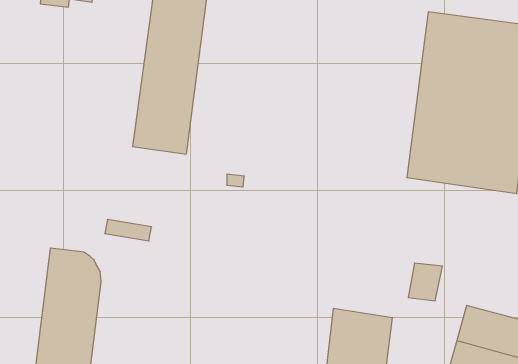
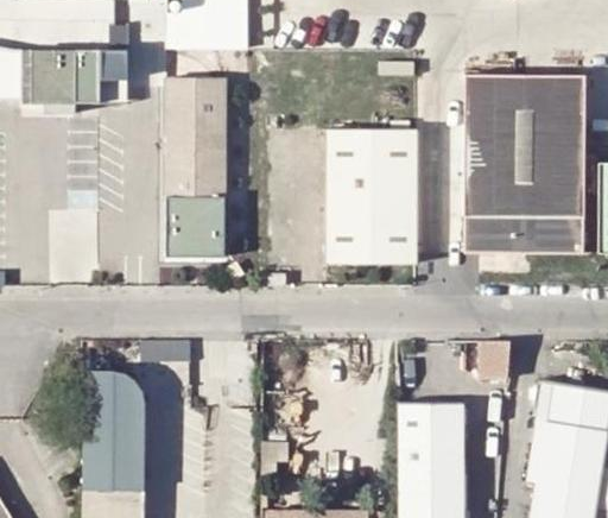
building: none -> [325,130,414,265]

